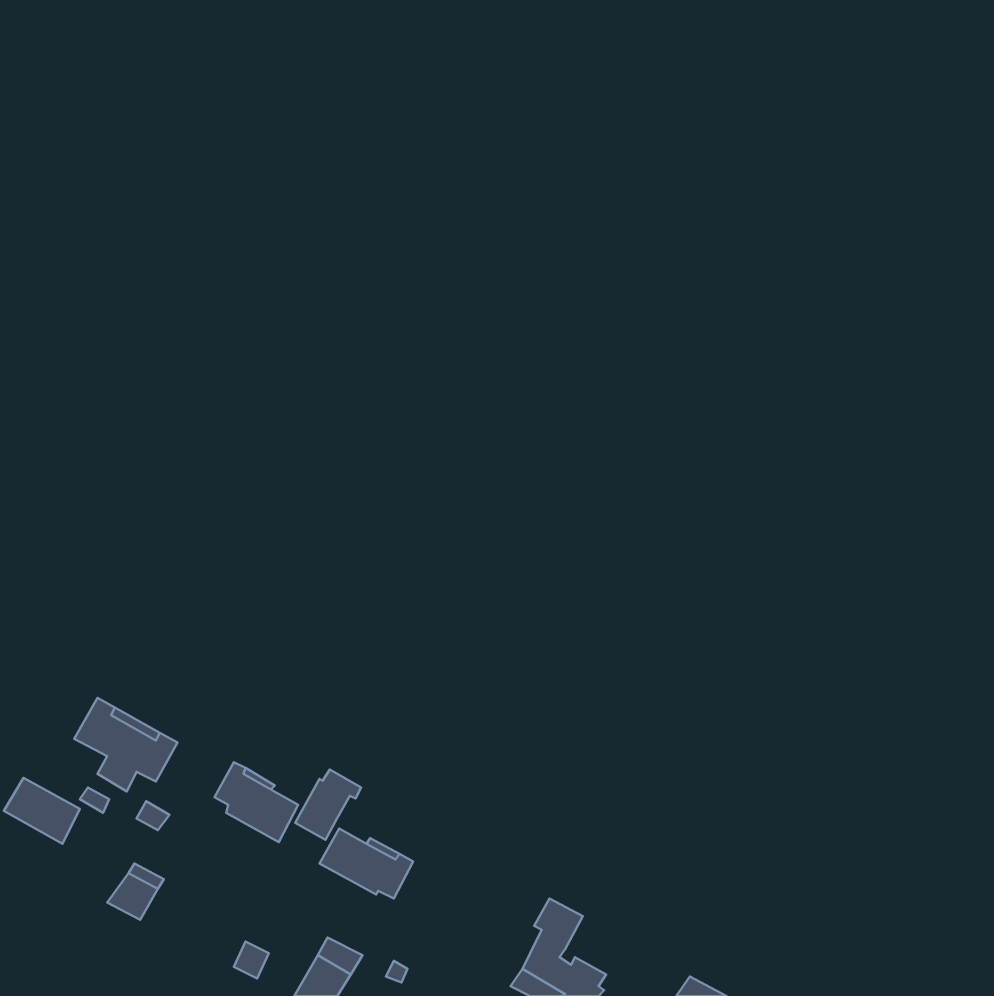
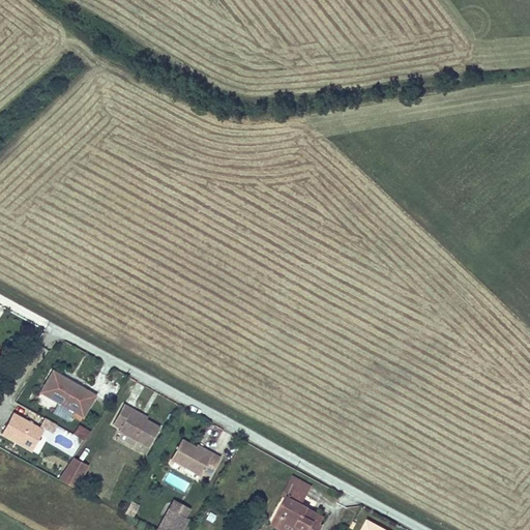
building: [295,769,361,840] -> none

